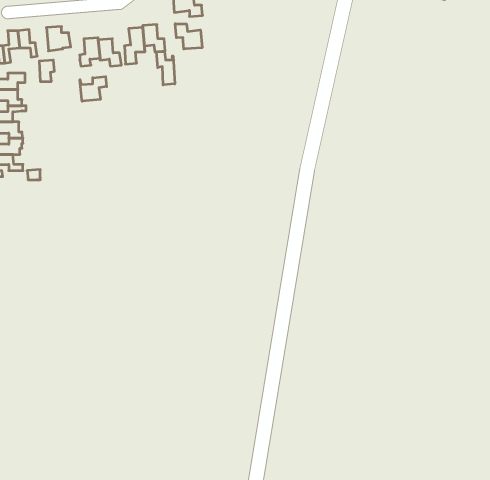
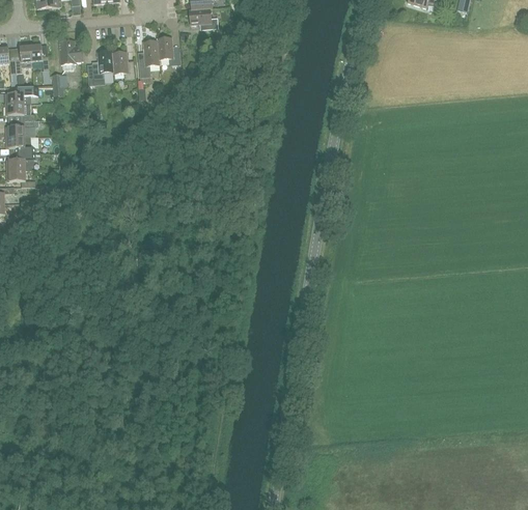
building: [175,24,202,49] -> none
building: [157,52,175,85] -> none
building: [80,77,107,101] -> none

